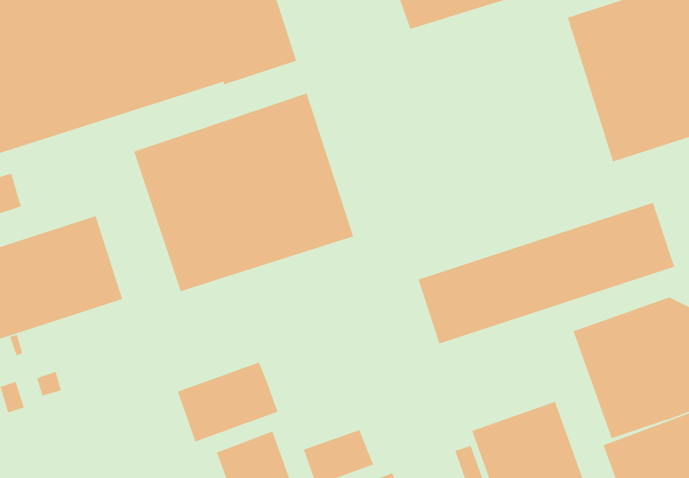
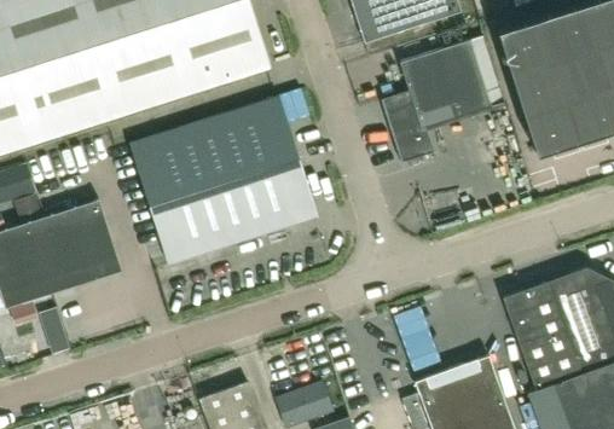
building: none -> [382,36,504,161]
building: [417,202,675,344] -> none
building: [177,362,279,443] -> none

